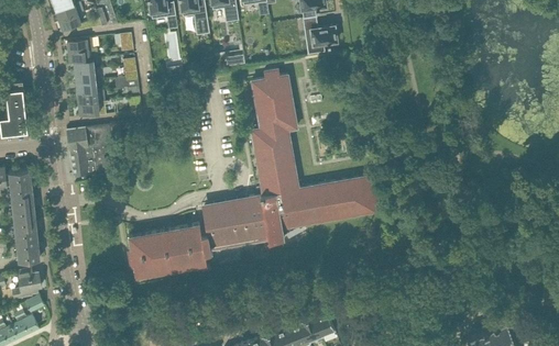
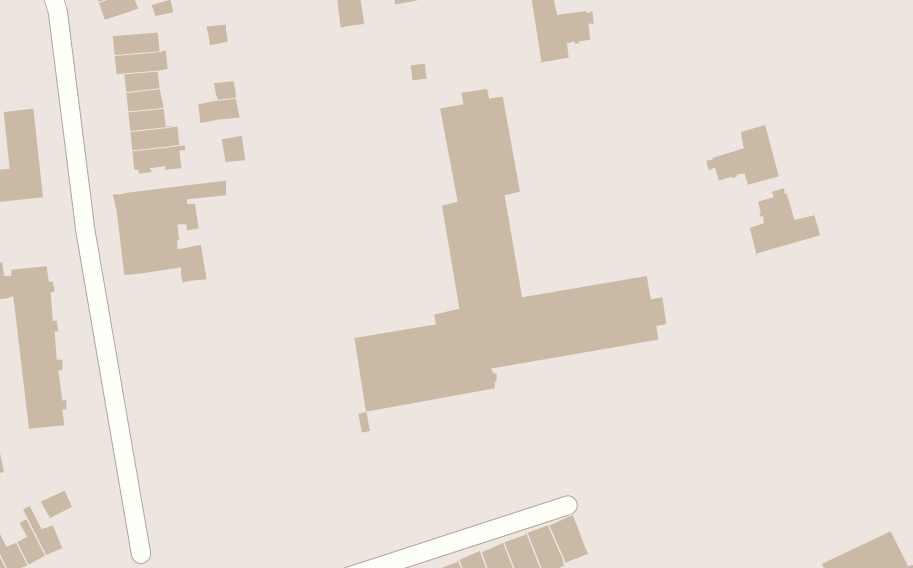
building: none -> [705,124,782,186]
building: none -> [749,187,821,256]
building: [128,224,209,277] -> none
building: [13,270,41,300] -> none

